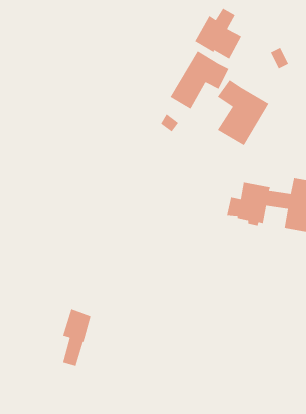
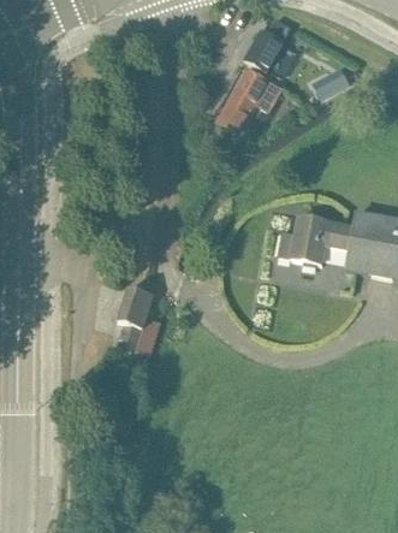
building: [217,79,269,146] -> none
building: [62,308,92,367] -> [118,286,152,353]

